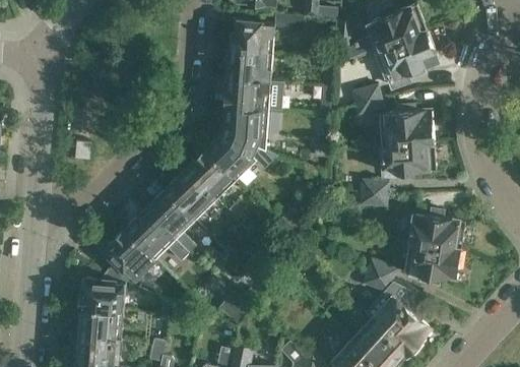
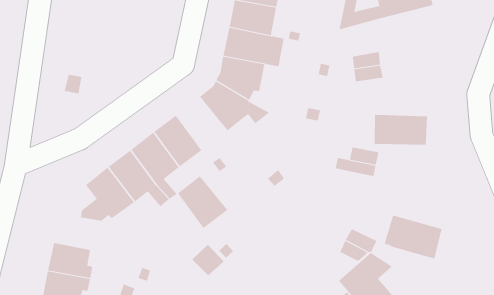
building: [378,32,437,79] -> none
building: [380,110,433,145] -> none
building: [186,148,238,200] -> [177,176,228,229]
building: [408,212,465,250] -> none
building: [80,279,125,311] -> none

